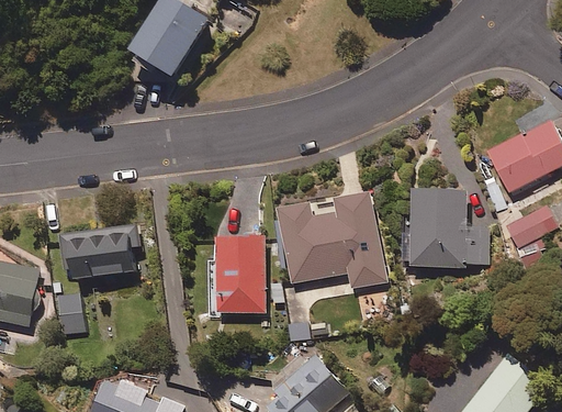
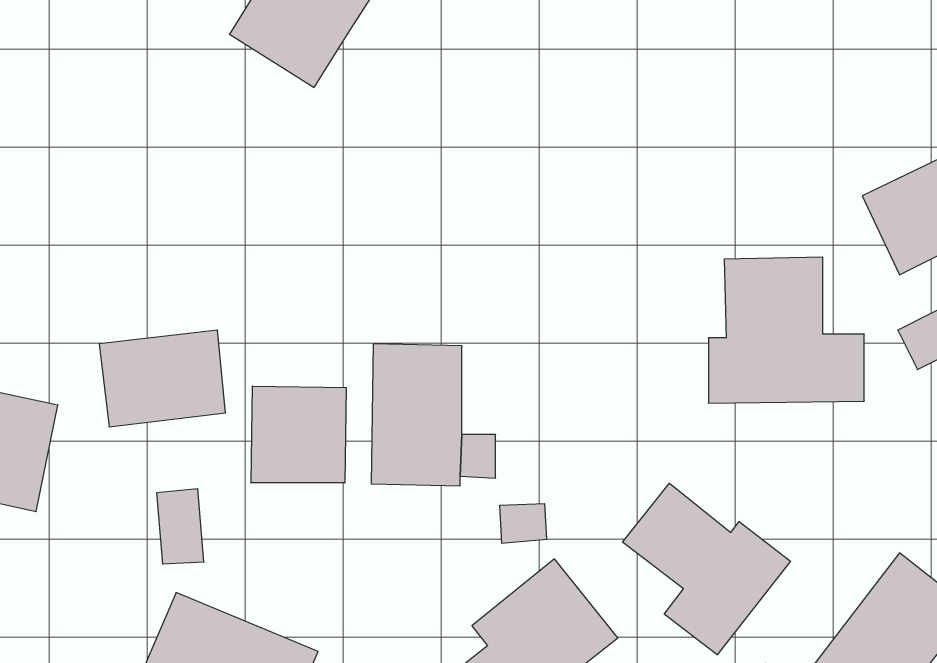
building: [278,192,384,289] -> none
building: none -> [251,386,346,483]
building: [57,294,83,336] -> [157,489,204,564]
building: none -> [623,483,791,655]

